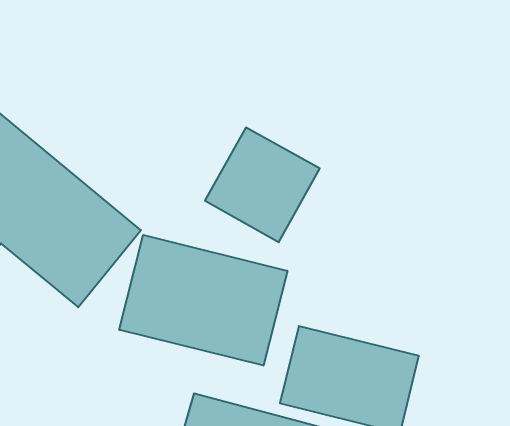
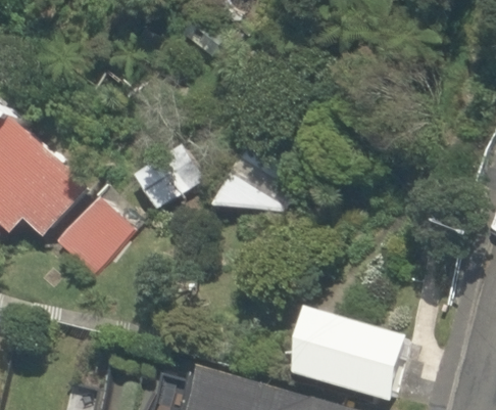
building: [119,235,287,366] -> none

